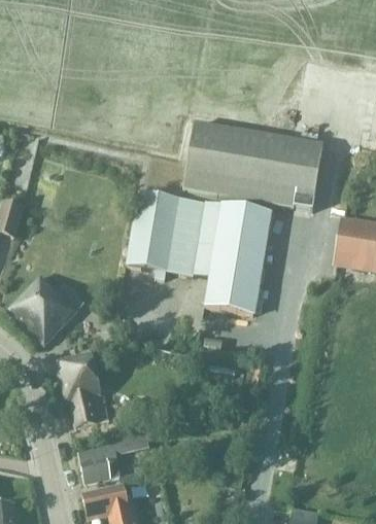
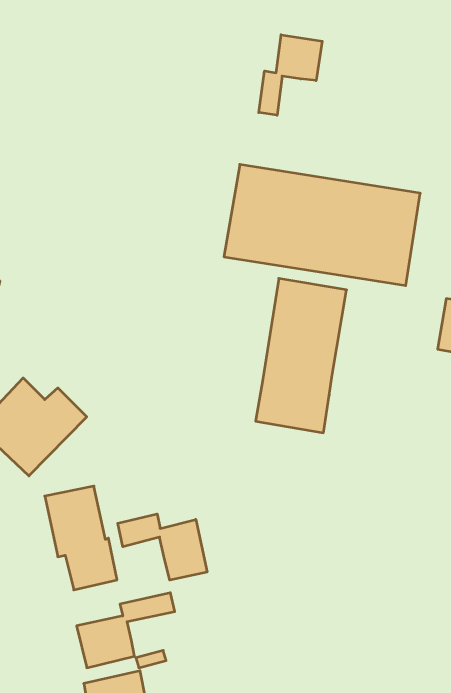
building: none -> [259,35,322,115]
building: [127,190,223,278] -> none
building: none -> [118,514,207,580]

